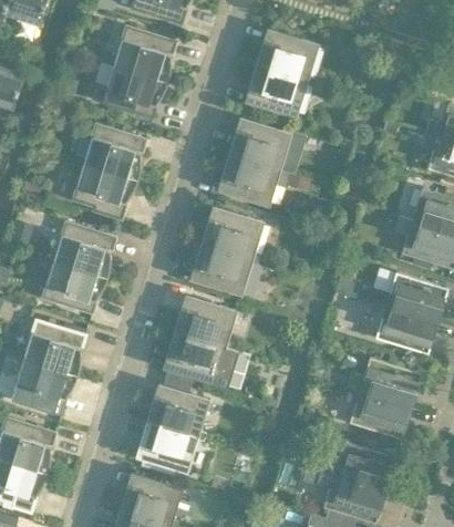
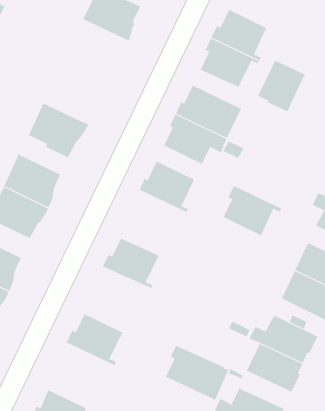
building: [90,64,167,116] -> none
building: none -> [257,60,305,112]
building: [83,124,145,178] -> none
building: [195,241,258,292] -> [223,185,282,236]
building: [167,331,236,385] -> [165,345,229,400]
building: [140,420,204,469] -> none

